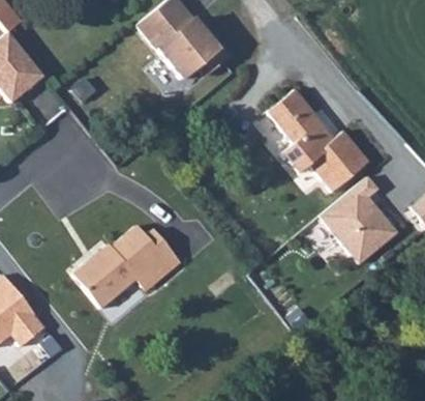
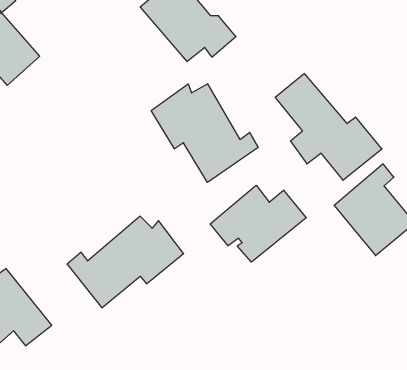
building: none -> [151,84,258,182]
building: none -> [210,185,306,262]

